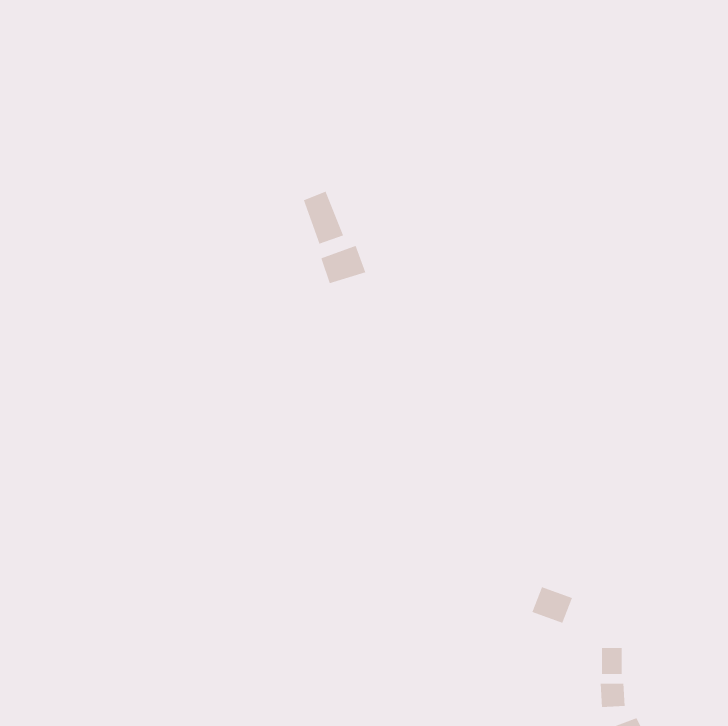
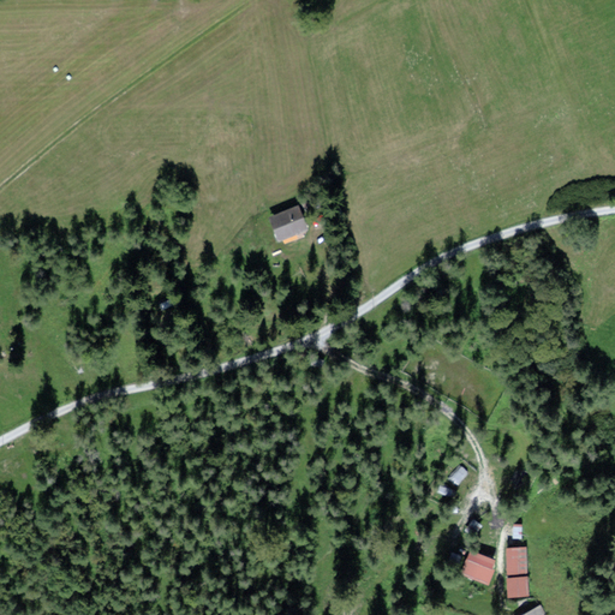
building: [303,191,344,244] -> none
building: [532,586,573,624] -> [461,551,496,583]

